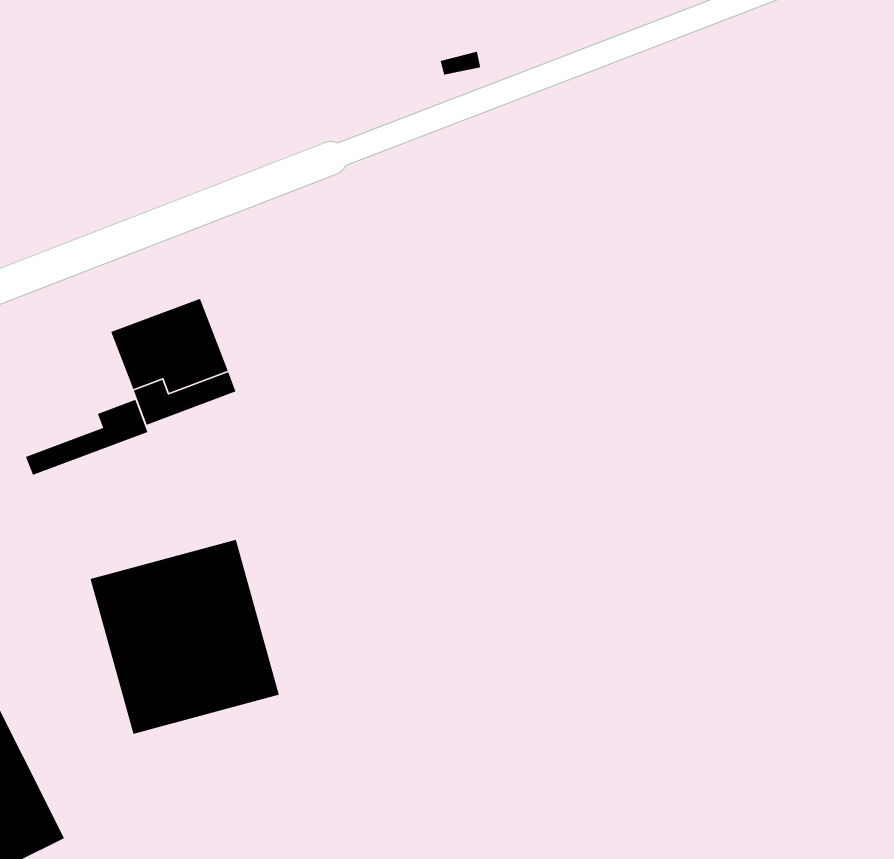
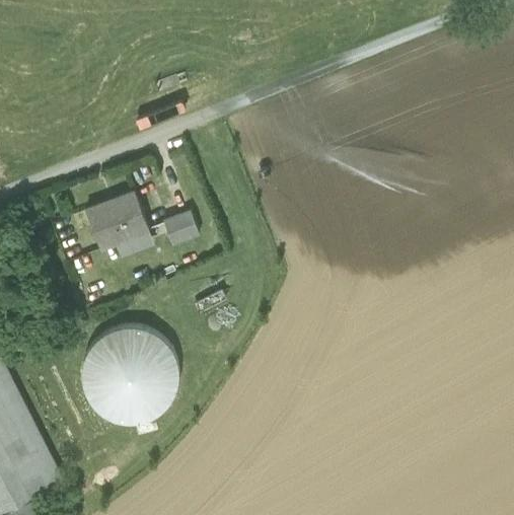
building: none -> [162,212,197,243]
building: [25,399,149,476] -> none

